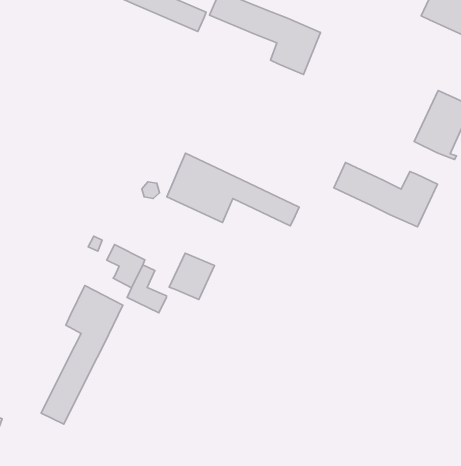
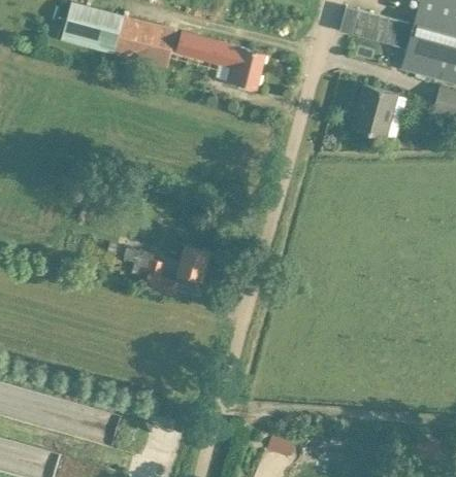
building: [167,153,299,226] -> none
building: [334,162,438,227] -> none
building: [41,286,123,424] -> none

